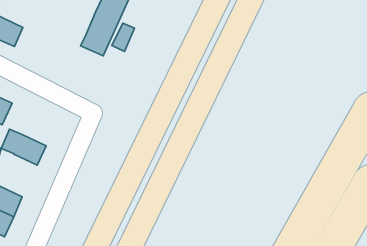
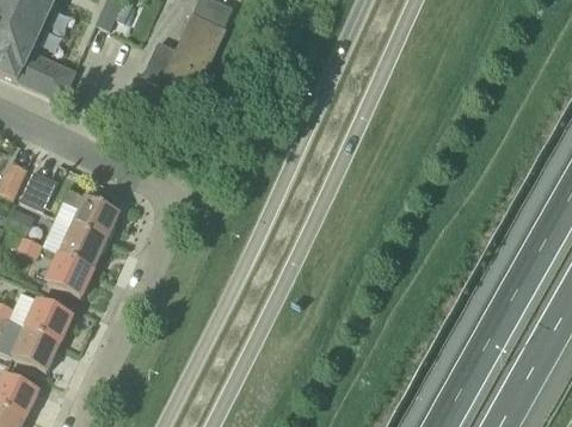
building: [112,23,135,51] -> [143,43,176,83]
building: none -> [53,187,118,241]
building: none -> [45,253,92,297]

